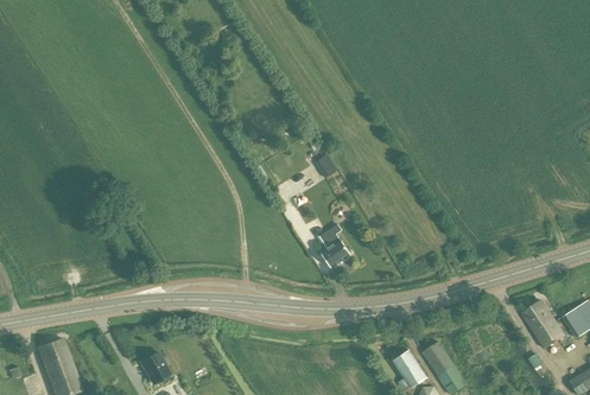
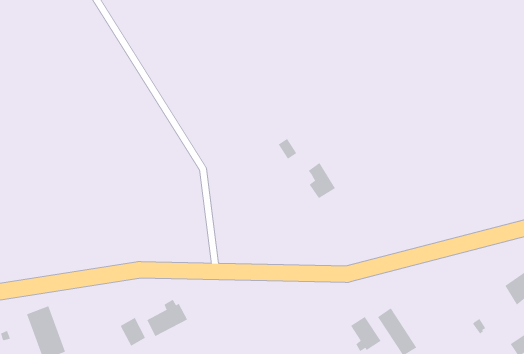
building: [318,227,349,267] -> [308,162,336,199]
building: [521,300,564,348] -> none
building: none -> [146,299,188,337]

